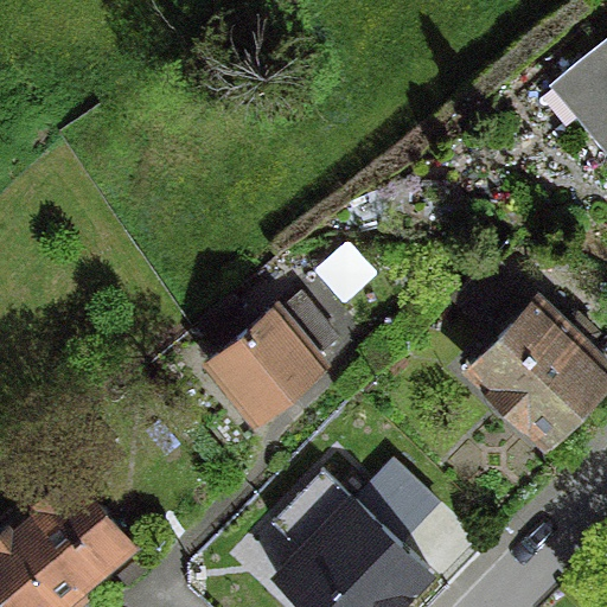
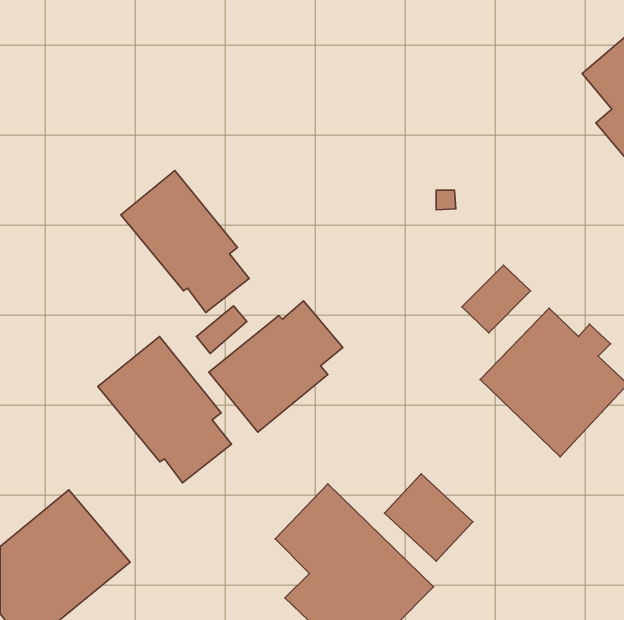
building: none -> [121,170,249,312]
building: none -> [98,336,232,483]

